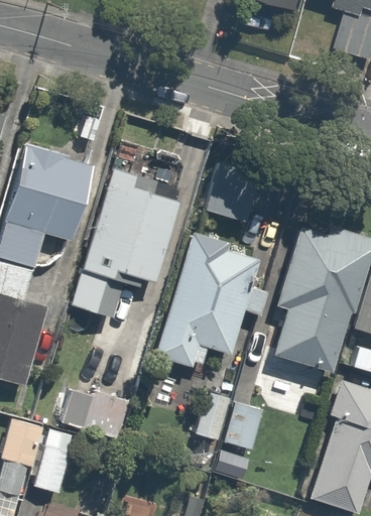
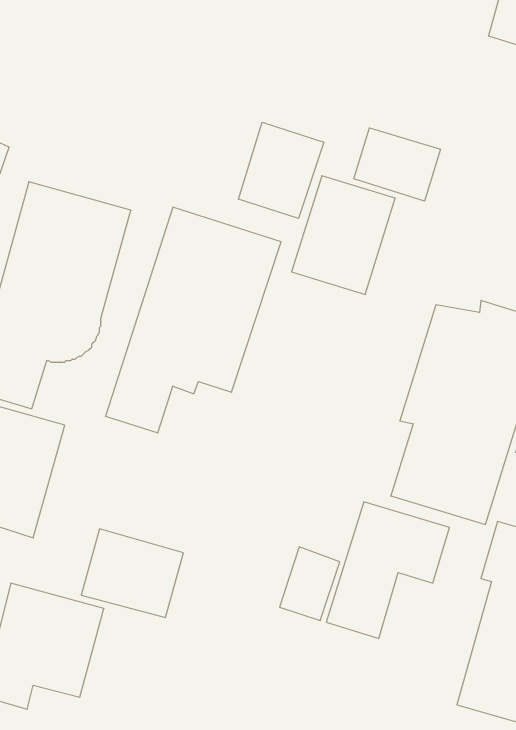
building: none -> [238,122,324,218]
building: none -> [354,128,441,201]
building: [152,229,271,371] -> none

